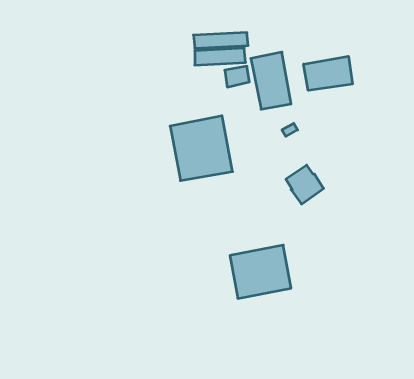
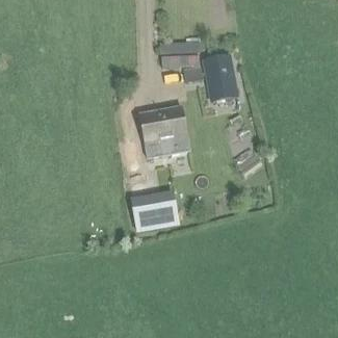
building: [304,56,352,90] -> none
building: [230,245,291,298] -> [130,189,179,232]

